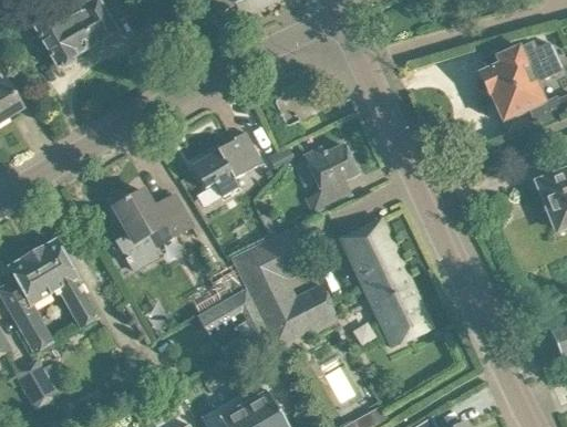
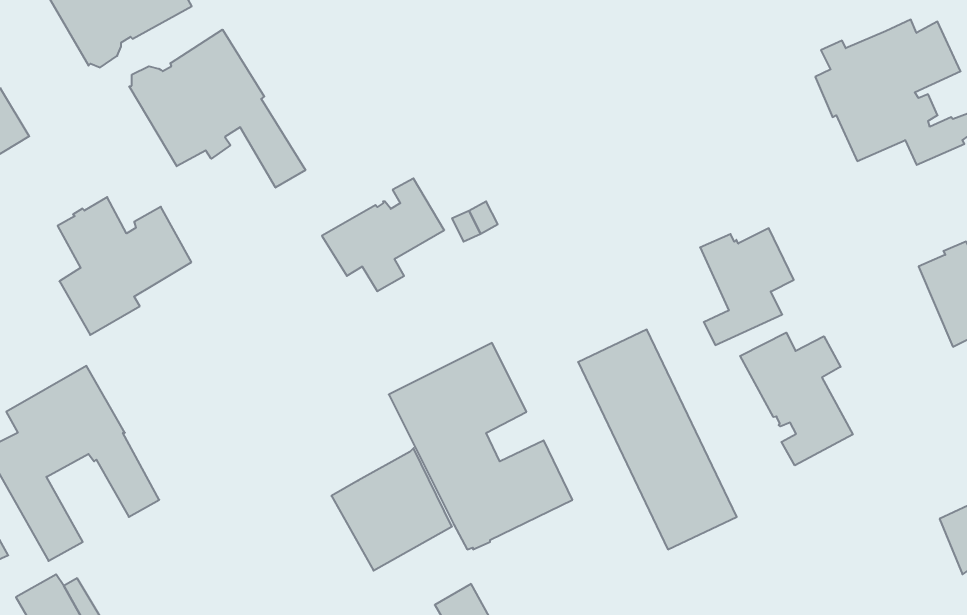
building: none -> [129,30,305,188]
building: [303,144,358,211] -> [700,228,794,345]
building: [114,189,192,269] -> [58,197,191,335]
building: none -> [740,333,853,465]

